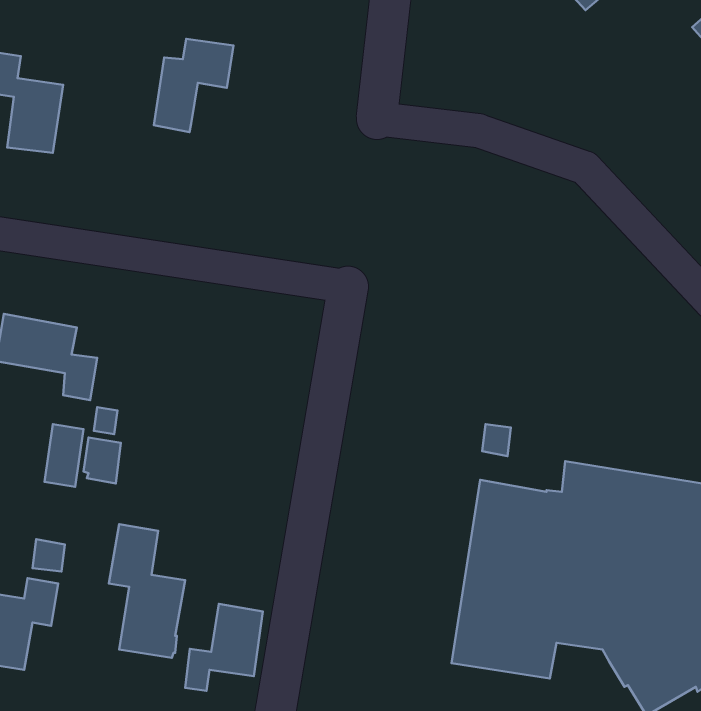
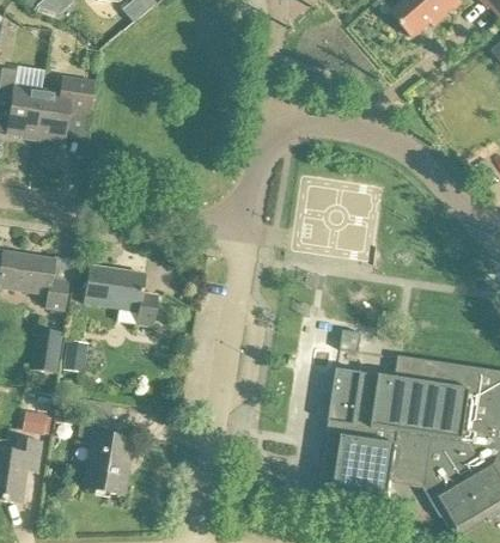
building: [154,39,234,132] -> [38,77,94,142]
building: none -> [85,266,158,327]
building: [185,604,263,691] -> none

